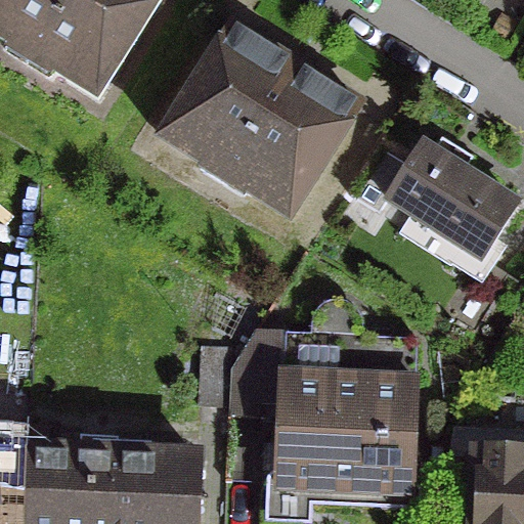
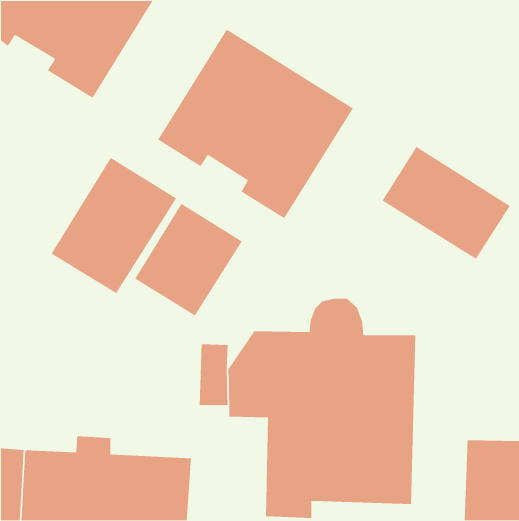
building: none -> [50,157,177,294]
building: none -> [134,203,243,316]

